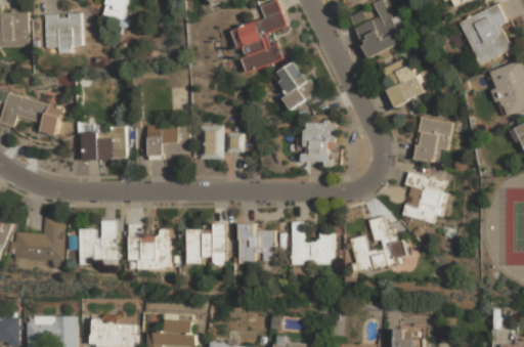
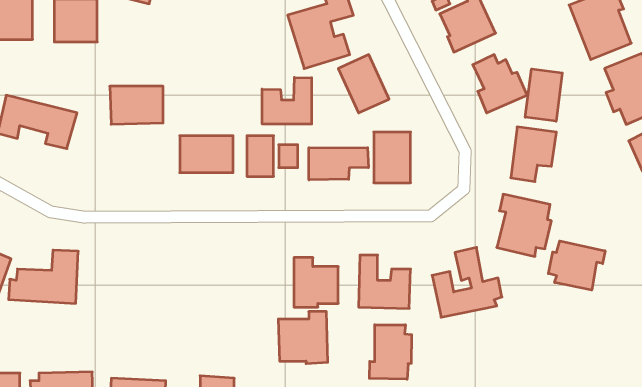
building: none -> [525,69,562,121]
building: none -> [262,77,312,124]
building: [82,130,125,161] -> [110,86,163,124]
building: none -> [309,148,368,180]
building: none -> [548,241,605,290]
building: [79,220,116,265] -> none
building: [128,223,169,269] -> none
building: [185,223,225,265] -> [278,312,328,364]
building: none -> [369,325,412,379]

